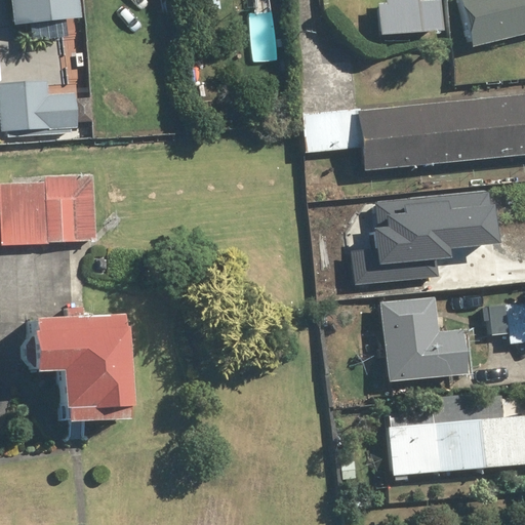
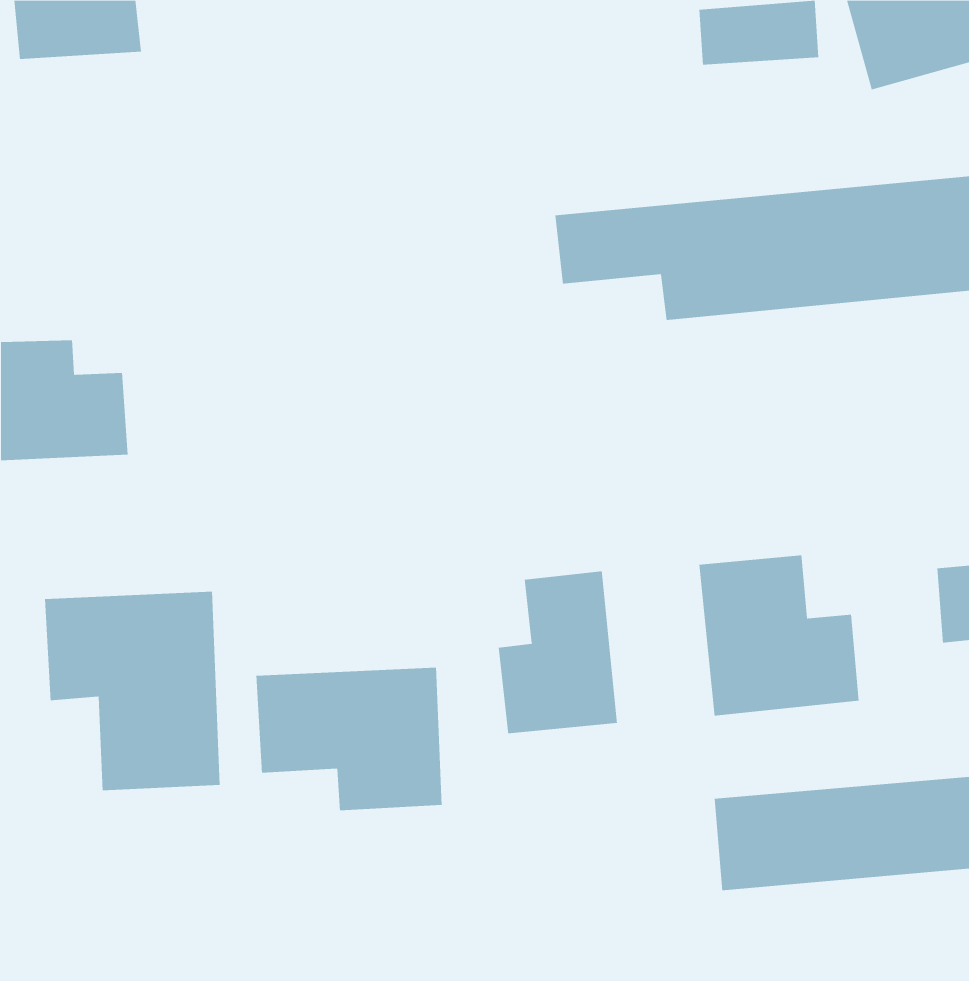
building: [11,79,85,138] -> none
building: [354,183,501,281] -> none
building: none -> [498,570,618,734]
building: none -> [256,667,442,811]

